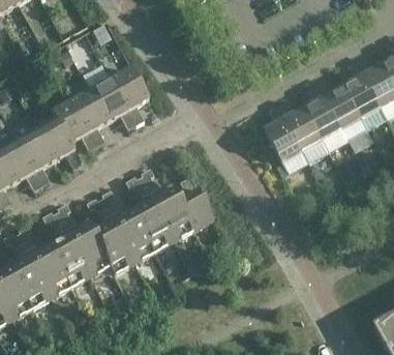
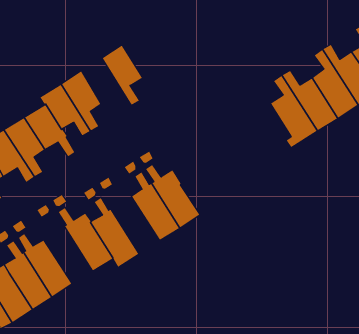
building: [91,78,135,127] -> none
building: [177,175,213,229] -> none
building: [105,201,154,262] -> none
building: [47,220,90,286] -> none

